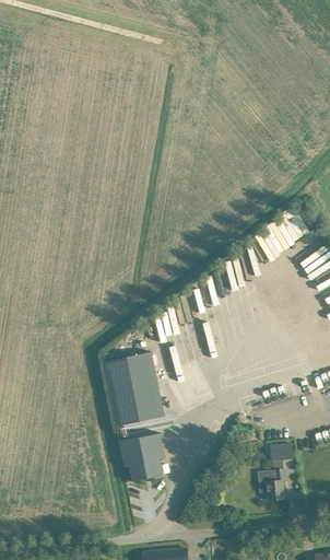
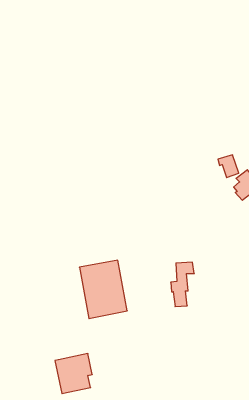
building: [119,433,166,483] -> [55,354,92,394]
building: [264,445,294,501] -> [171,262,194,307]

